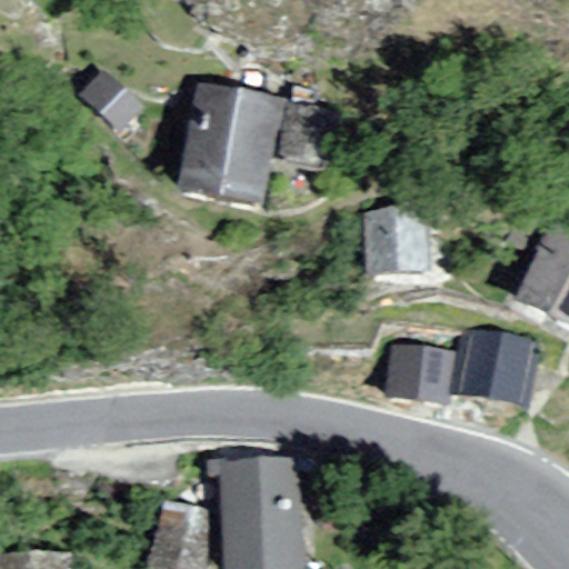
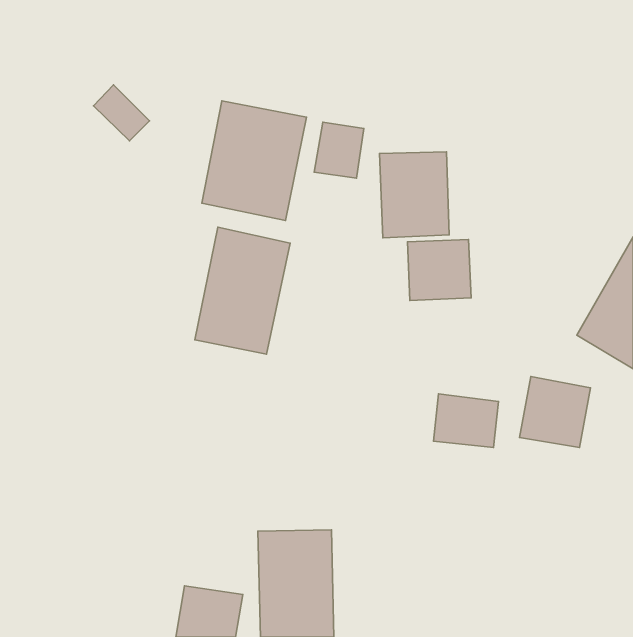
building: none -> [379,152,449,238]
building: none -> [195,227,290,354]

